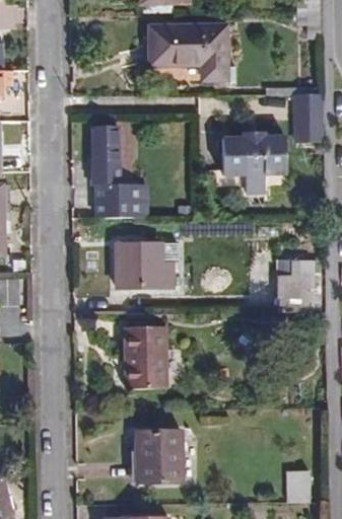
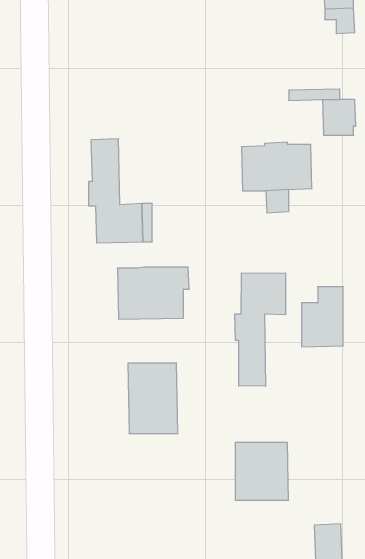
building: [149,25,226,79] -> none
building: none -> [235,273,286,386]
building: [136,431,183,481] -> [235,442,289,500]

